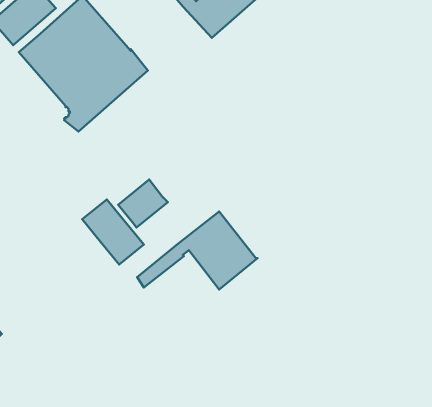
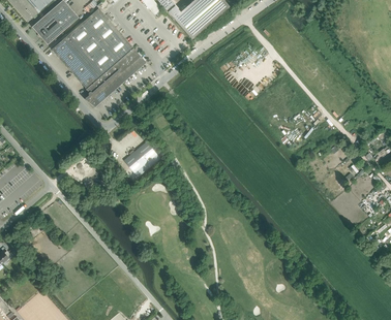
building: [82,199,144,264] -> none
building: [137,211,257,289] -> none

